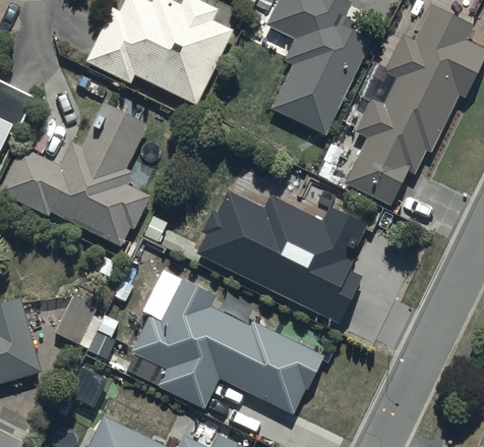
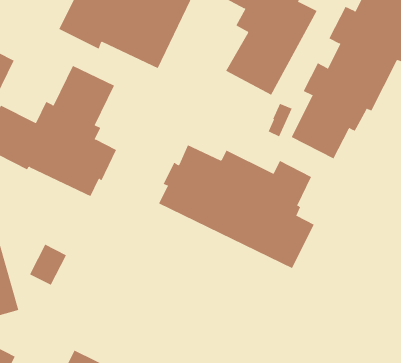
building: [130,278,324,413] -> none

